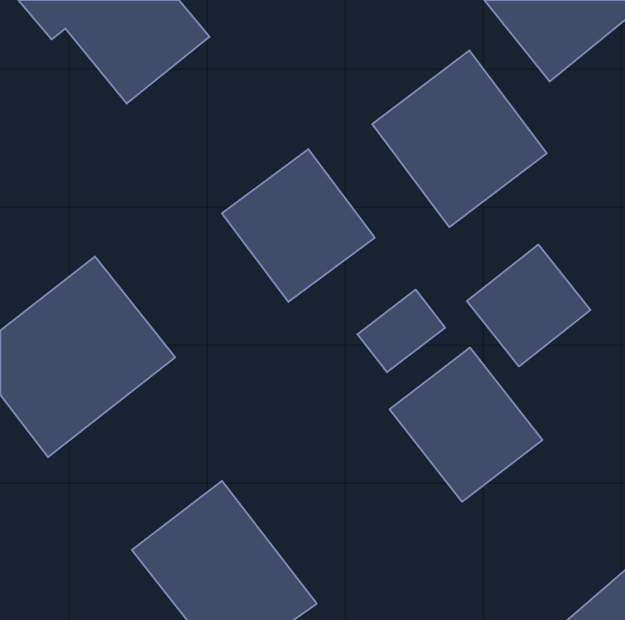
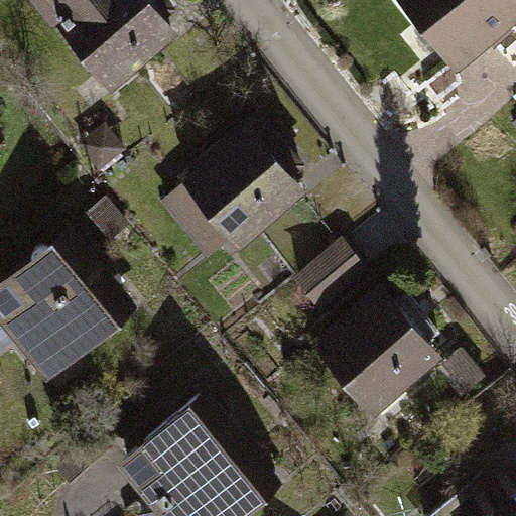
building: [372,50,547,227] -> none
building: [467,245,590,366] -> none

